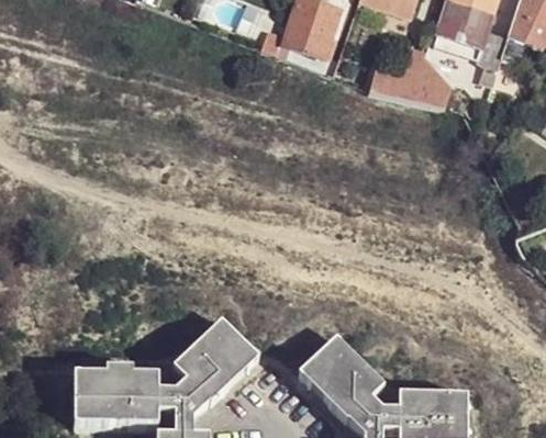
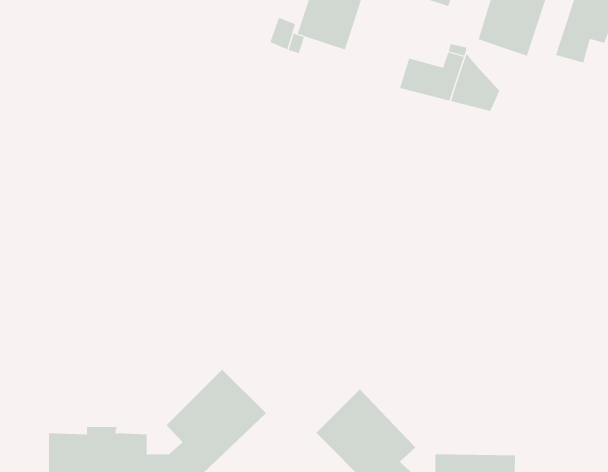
building: [477,31,506,83] -> none

